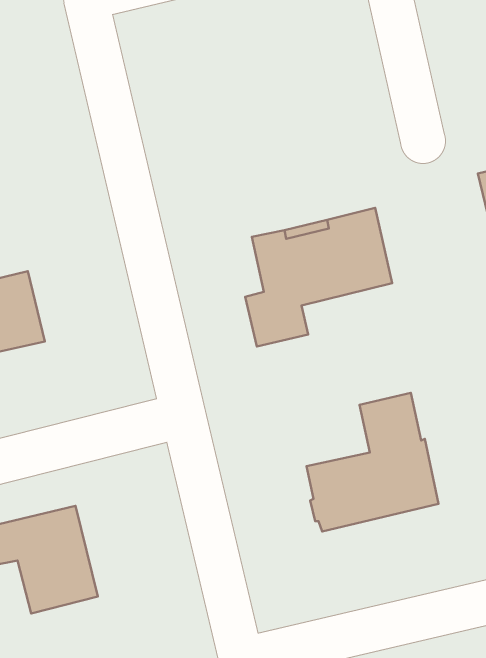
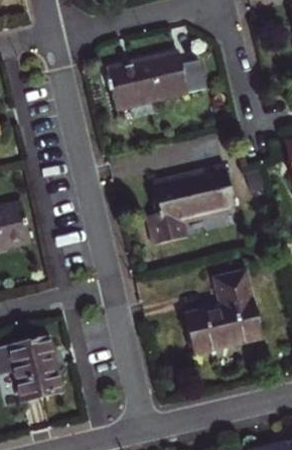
building: none -> [106,50,205,109]

